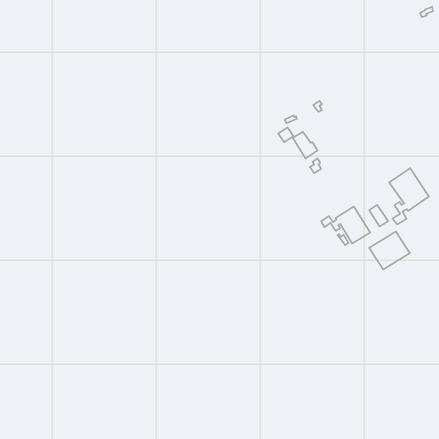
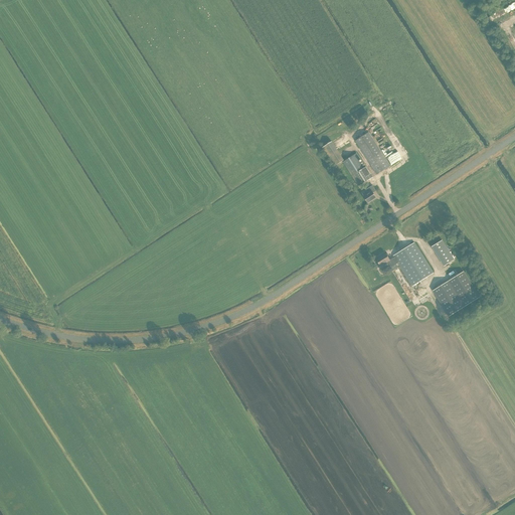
building: none -> [354,131,389,174]
building: [389,168,429,225] -> none

